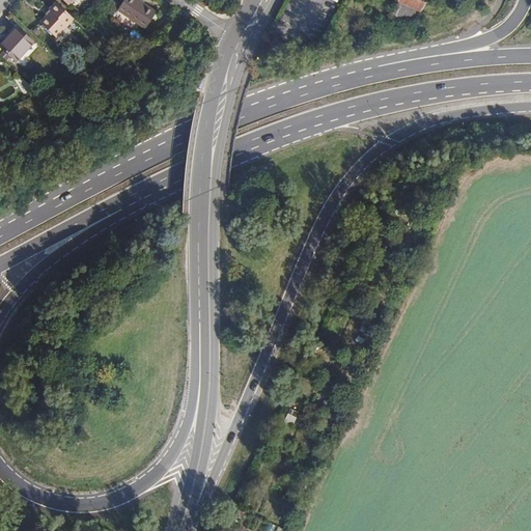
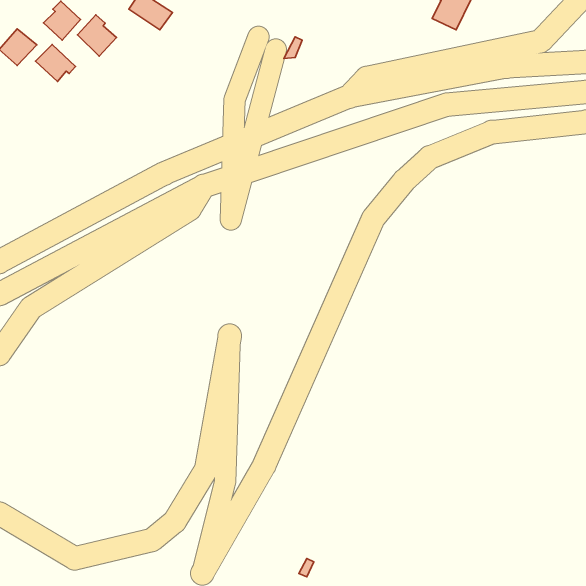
building: none -> [77,15,117,56]
building: none -> [36,45,75,81]

